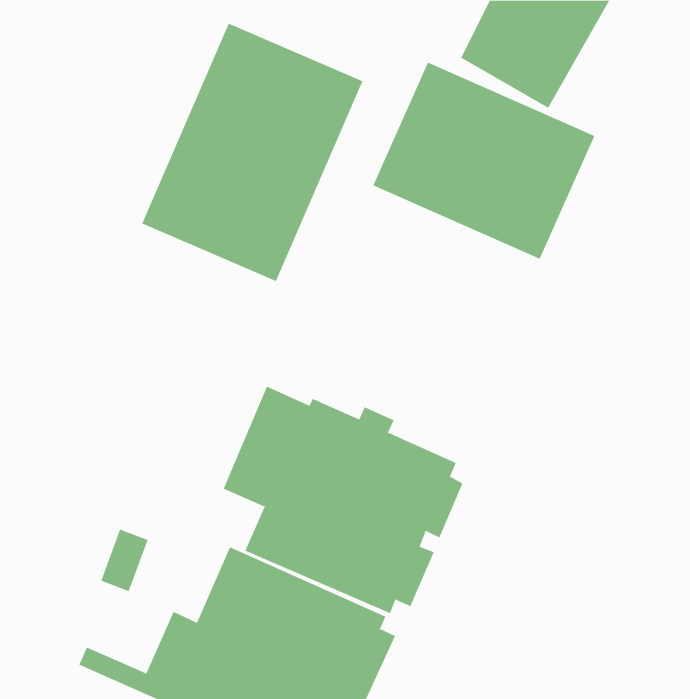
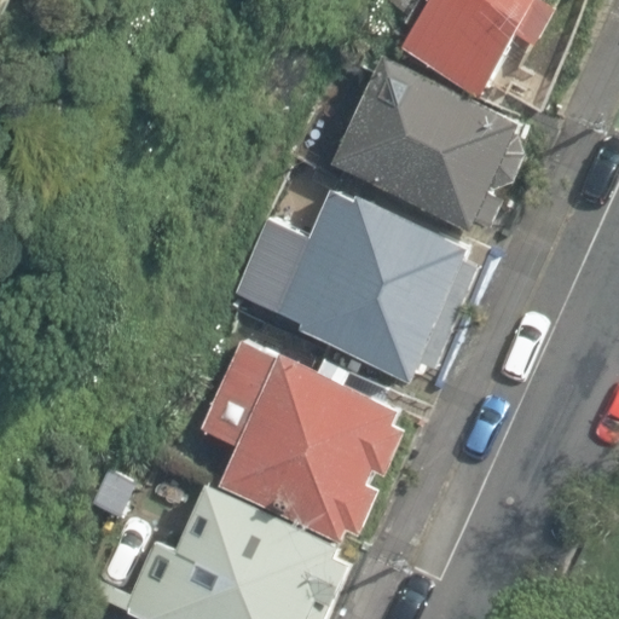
building: [142,23,363,282] -> none
building: none -> [276,192,473,381]

